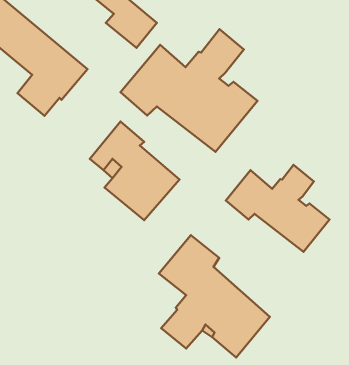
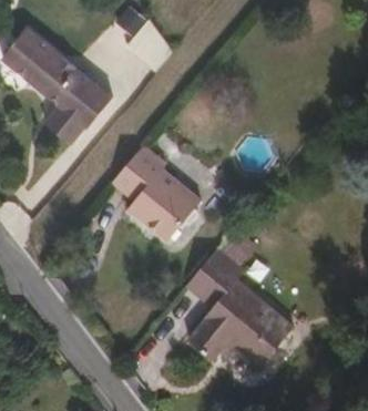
building: [120,29,257,152] -> none
building: [226,165,330,252] -> none

